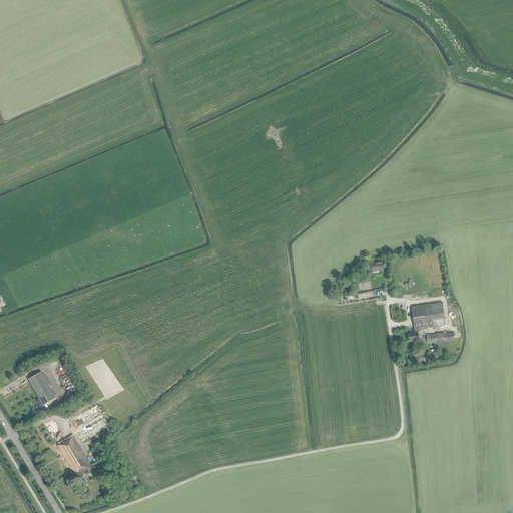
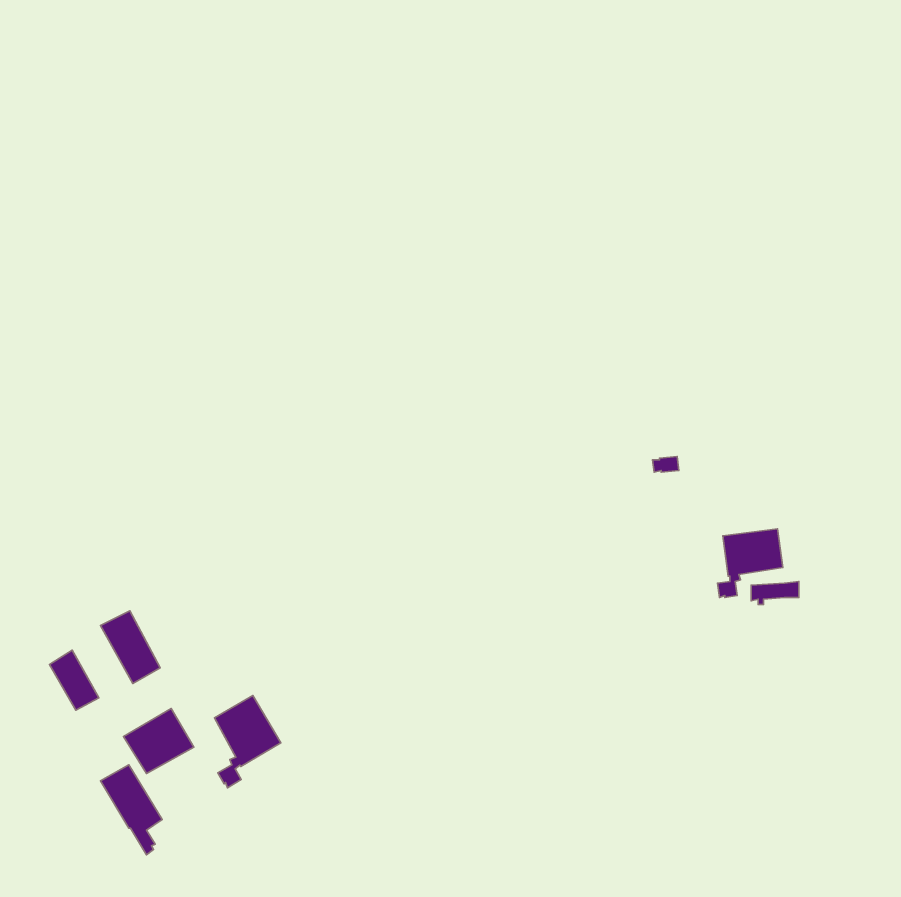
building: none -> [100,611,160,684]
building: none -> [214,696,281,788]

